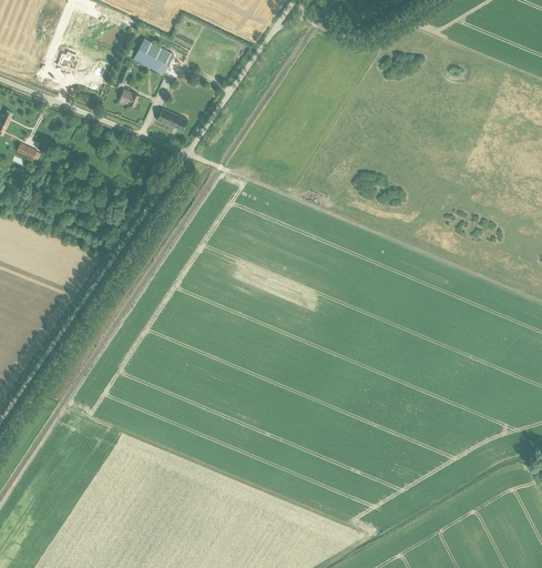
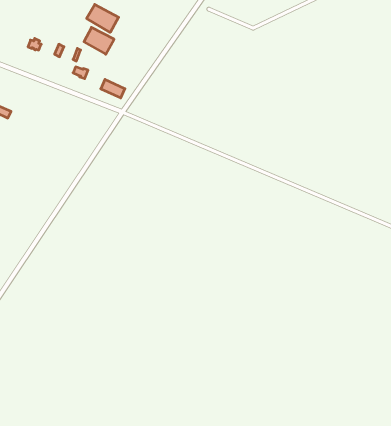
building: none -> [87,4,119,32]

